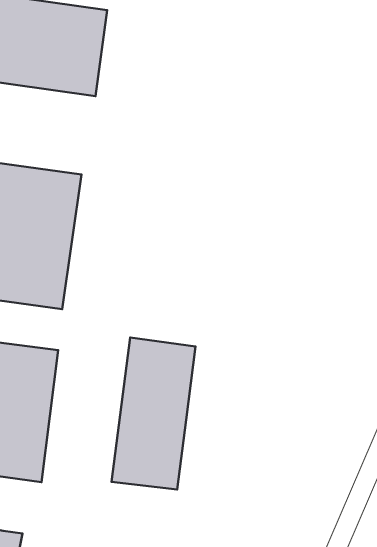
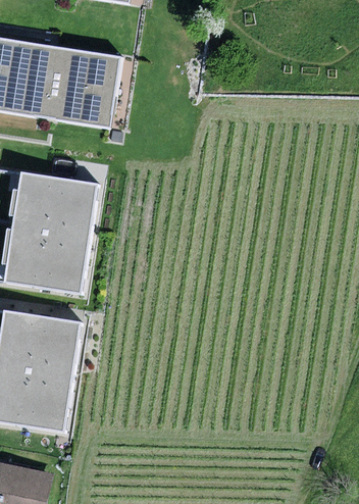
building: [112,337,195,490] -> none

